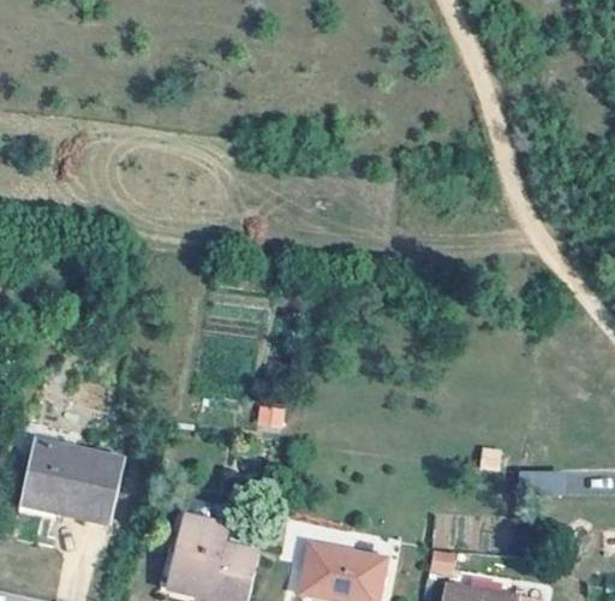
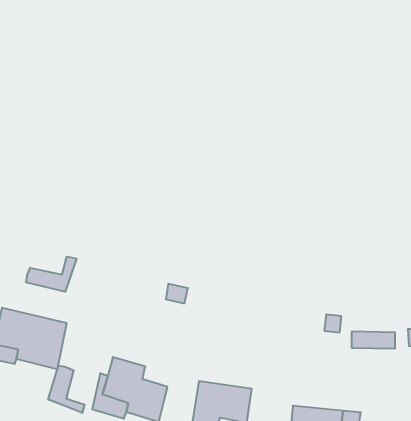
building: none -> [26,257,77,292]
building: none -> [48,365,84,413]

